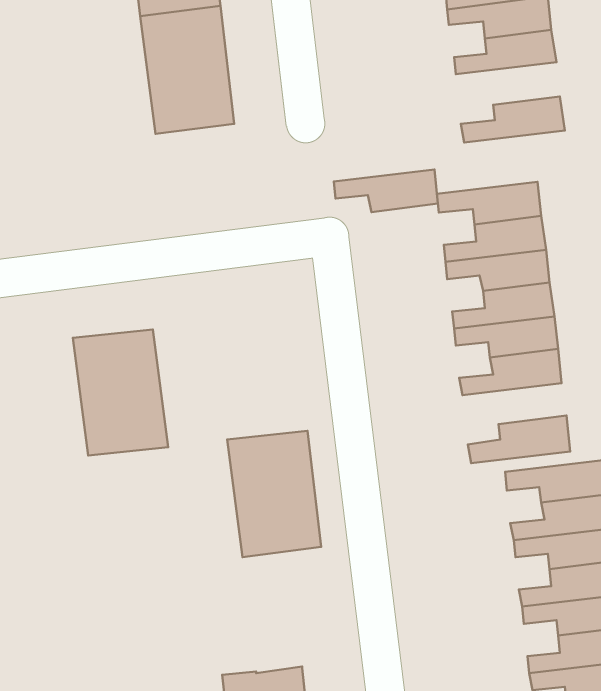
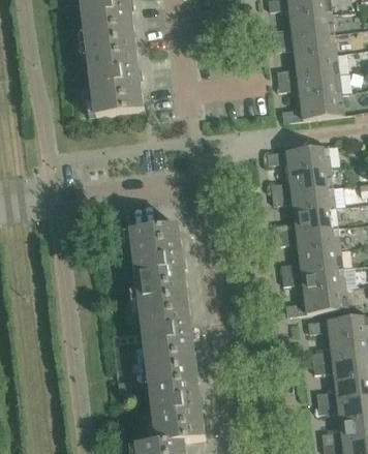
building: [334,170,438,212] -> [277,72,340,98]
building: [73,329,168,456] -> [129,224,187,301]
building: none -> [281,267,344,292]
building: none -> [148,366,205,443]

